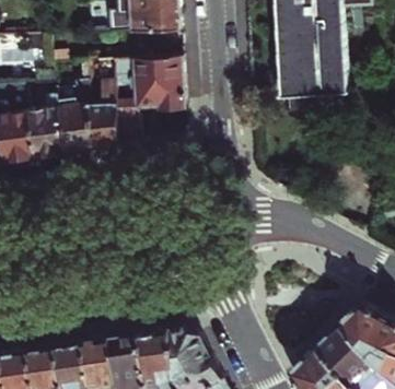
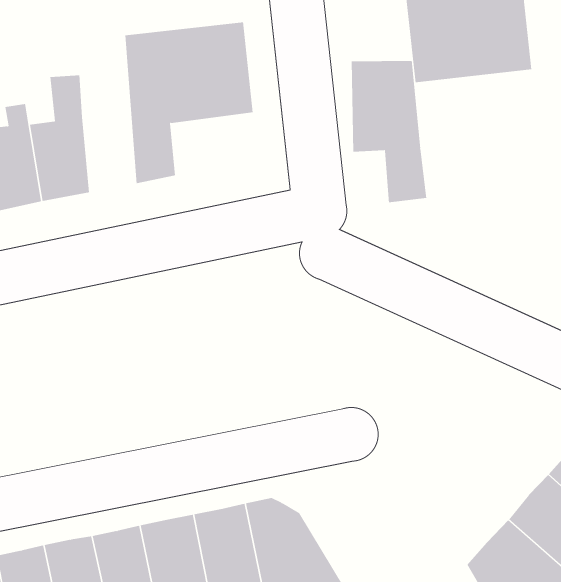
building: [89,61,116,149] -> none
building: none -> [351,60,427,203]

